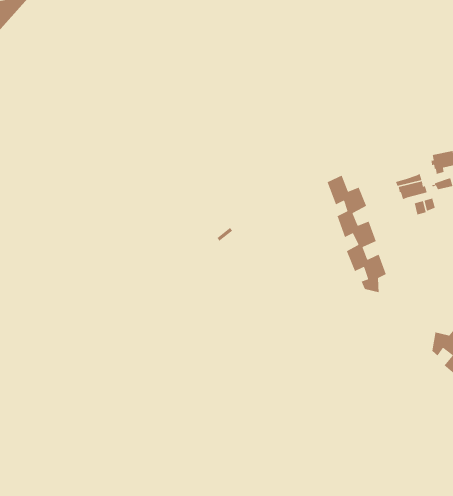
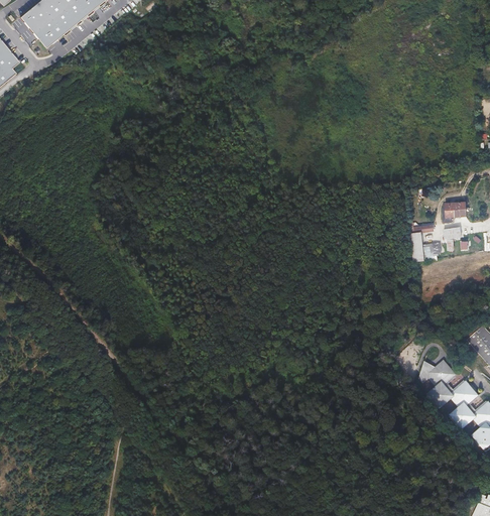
building: [327,175,387,293] -> none

